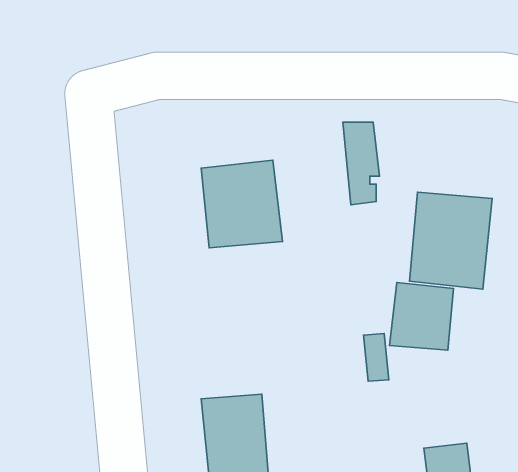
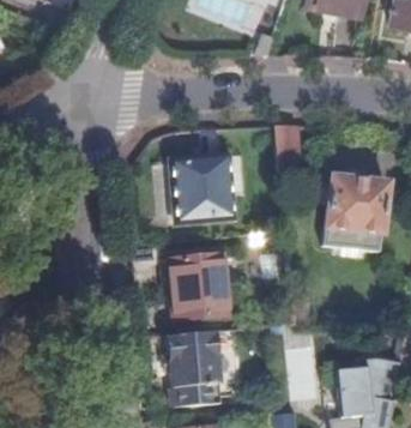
building: [390,283,454,350] -> none
building: none -> [170,254,226,318]

